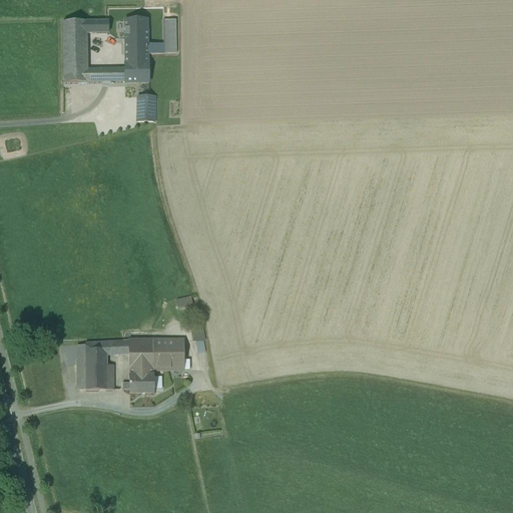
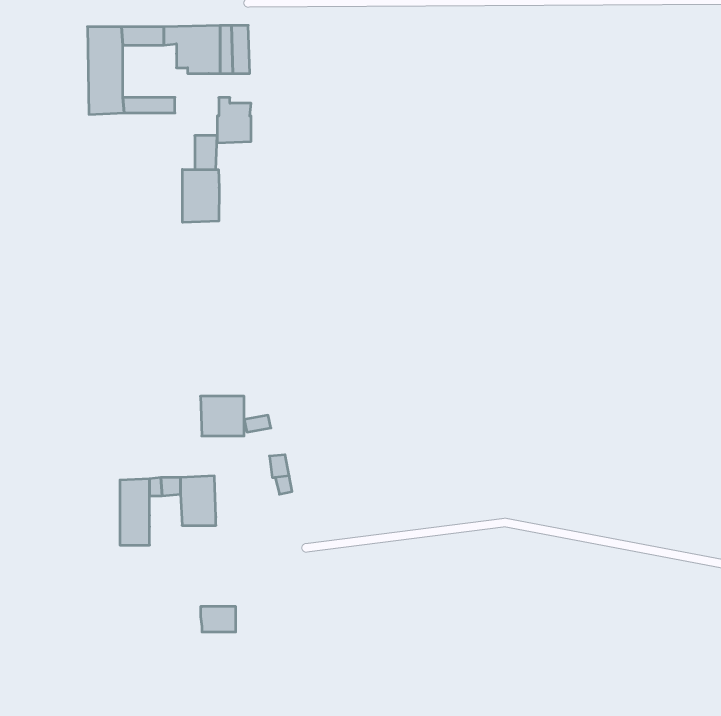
building: [124,48,148,80] -> [217,98,251,143]
building: none -> [182,169,219,222]
building: [152,339,183,367] -> [200,396,244,436]
building: [128,373,153,391] -> [201,607,236,632]

